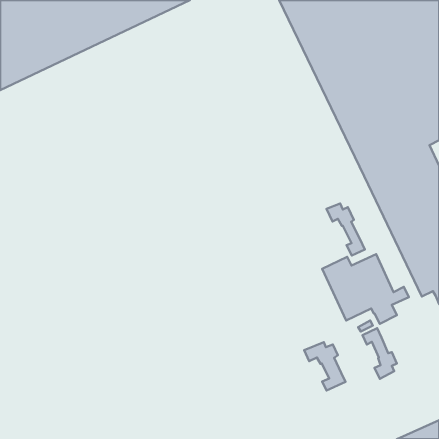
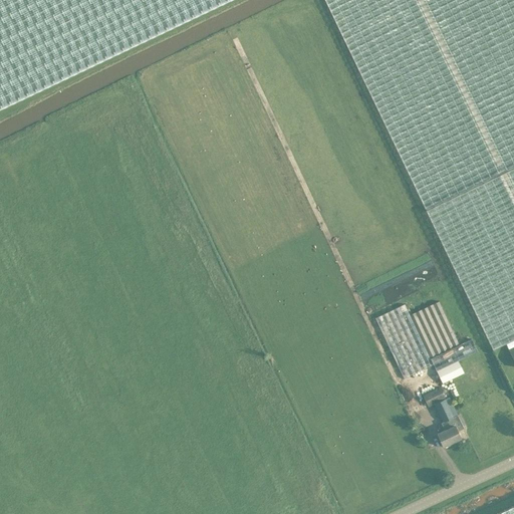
building: [326,203,365,256] -> none
building: [304,342,346,391] -> none

